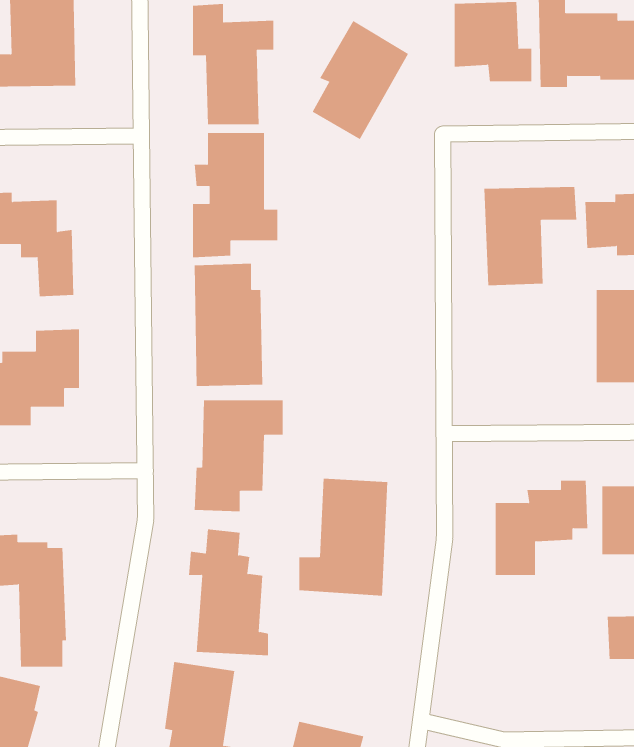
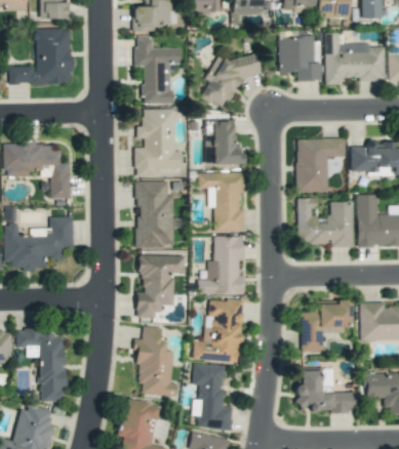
building: none -> [213,120,245,164]
building: none -> [198,172,245,232]
building: none -> [297,198,354,248]
building: none -> [198,236,245,294]
building: none -> [192,364,234,431]
building: none -> [298,370,356,412]

